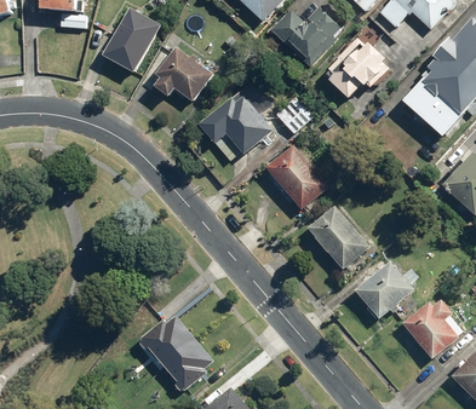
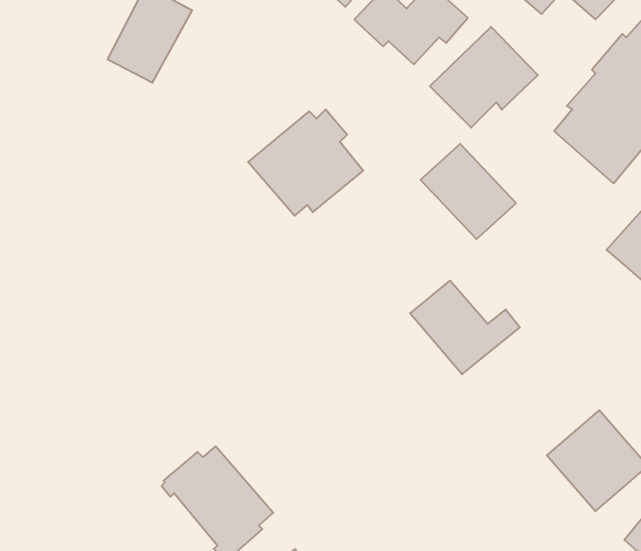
building: [153,46,213,102] -> none
building: [264,144,328,208] -> [421,144,516,239]
building: [354,258,418,319] -> none

